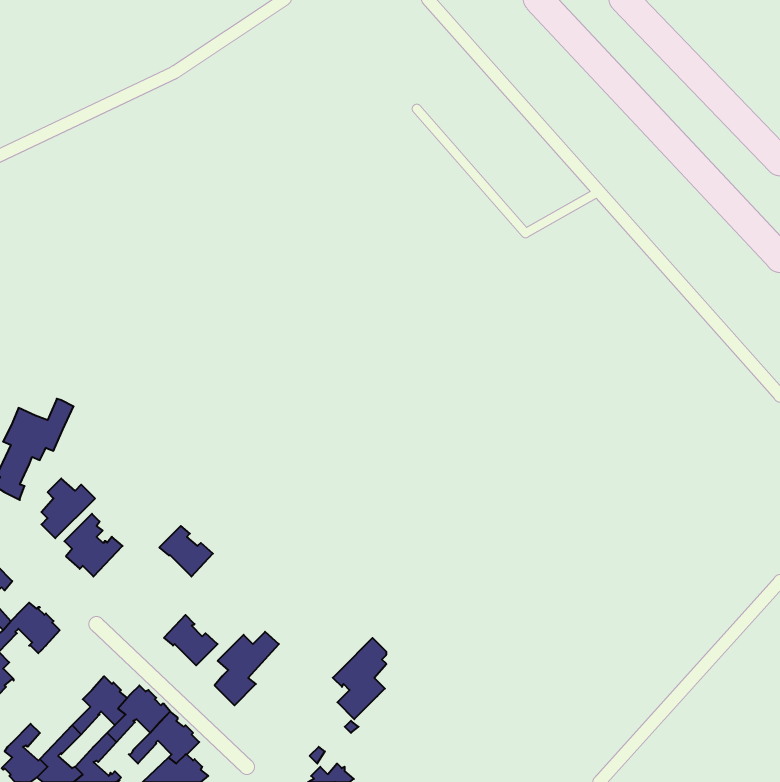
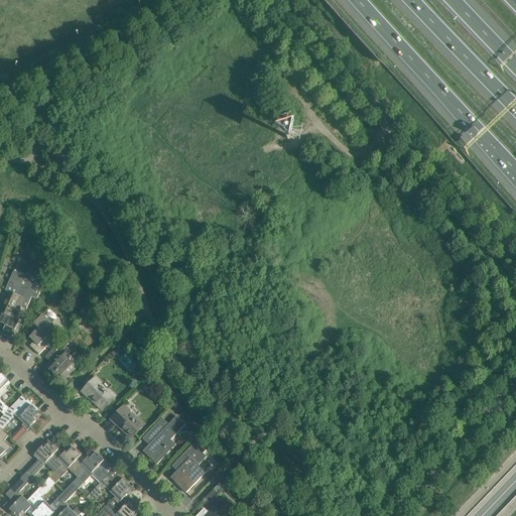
building: [159,526,213,577] -> [79,377,114,410]
building: [333,638,386,719] -> [169,438,205,492]
building: none -> [24,439,60,478]

